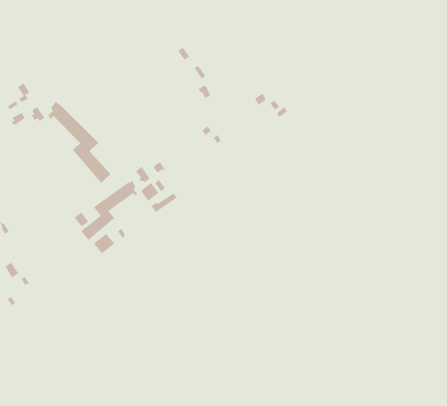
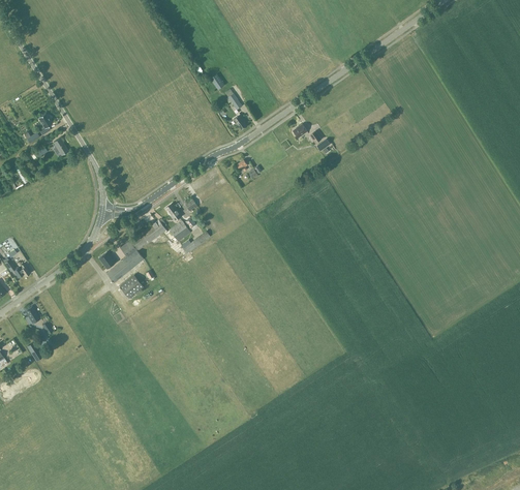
building: [47,101,111,184] -> none

